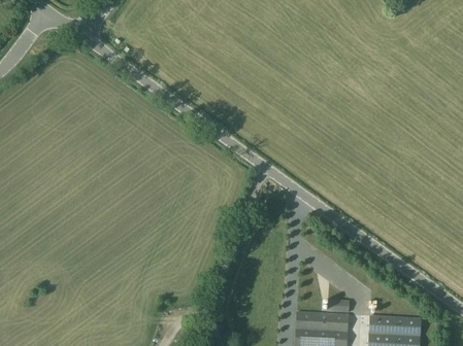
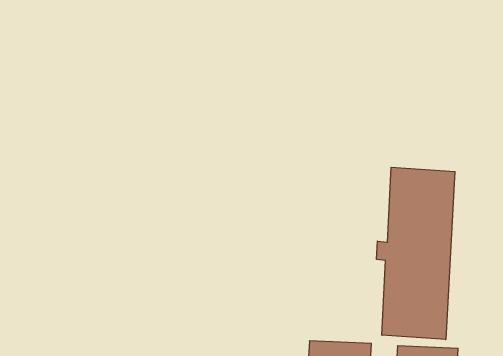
building: none -> [377,167,455,340]

